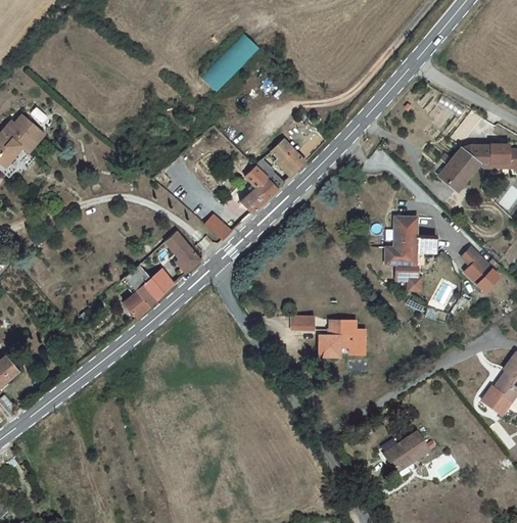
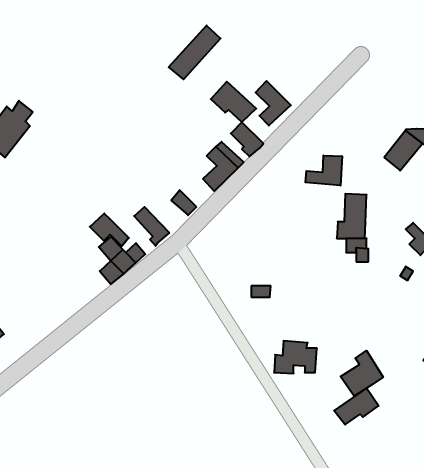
building: none -> [256,81,291,126]
building: none -> [211,82,256,122]
building: none -> [305,155,342,186]
building: none -> [90,213,129,246]
building: [318,321,365,356] -> [274,341,317,373]
building: none -> [341,351,383,396]

